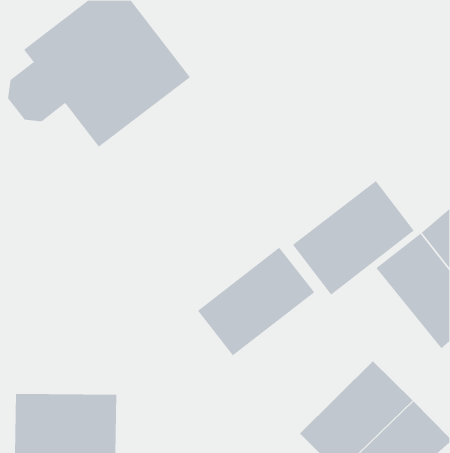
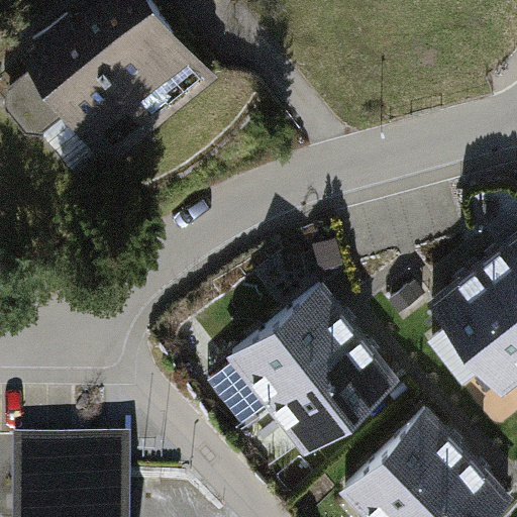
building: [292,180,415,295] -> none
building: none -> [265,333,398,456]

